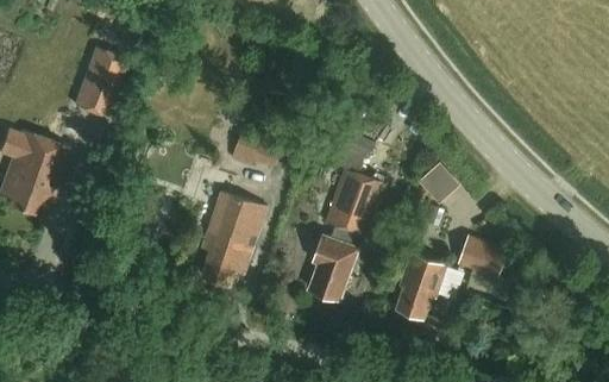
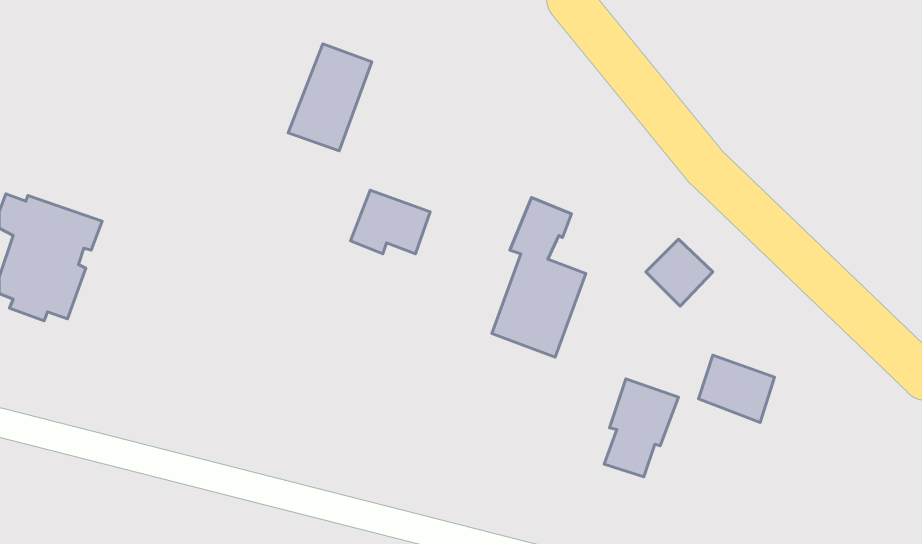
building: [73,48,127,118] -> [288,44,372,151]
building: [200,192,264,288] -> none
building: [308,226,359,300] -> none

